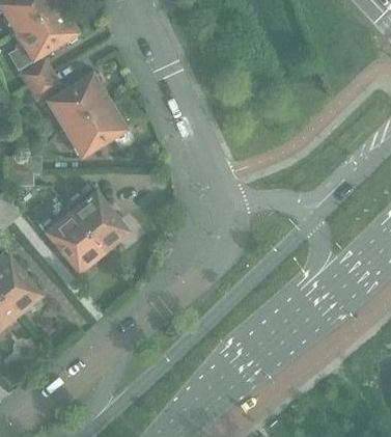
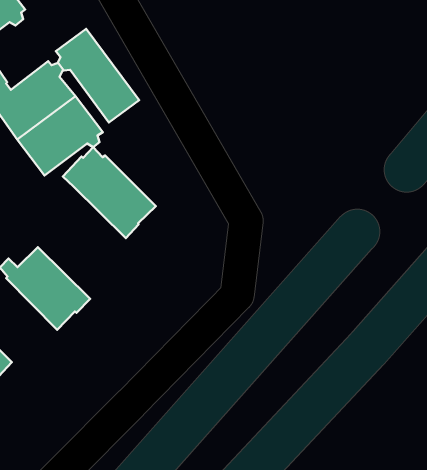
building: none -> [56,29,139,122]
building: [63,182,131,252] -> [63,147,156,238]

